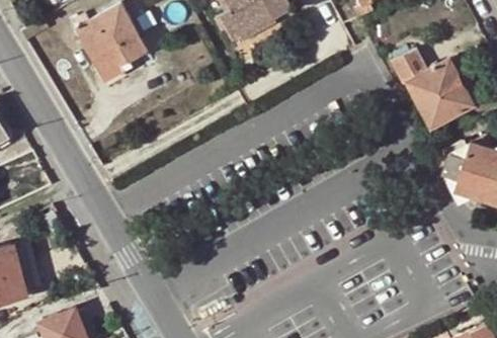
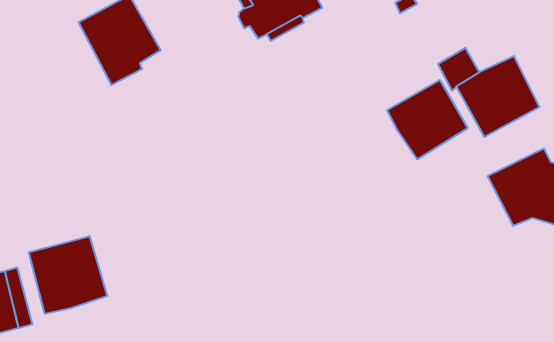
building: none -> [387,80,468,159]
building: none -> [29,236,107,314]

